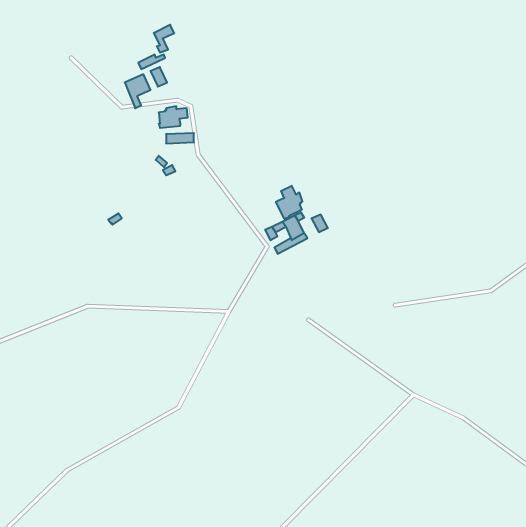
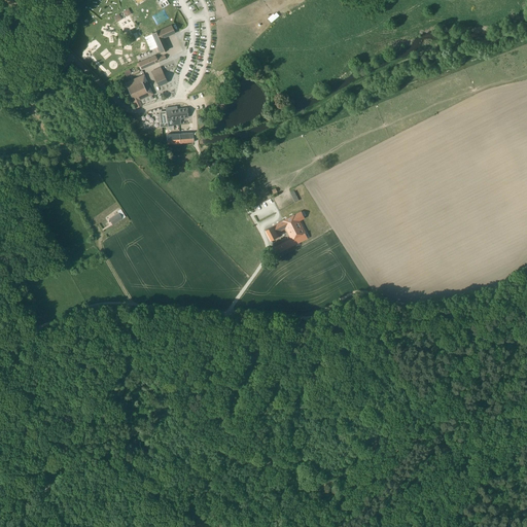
building: [276,186,302,219] -> none

